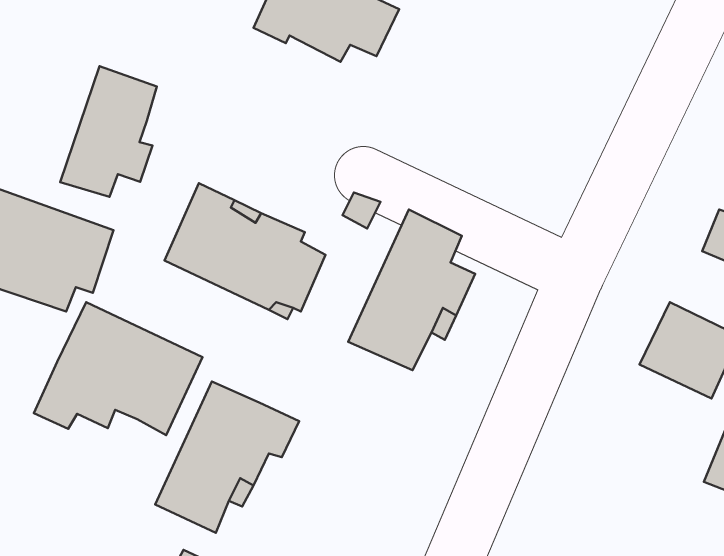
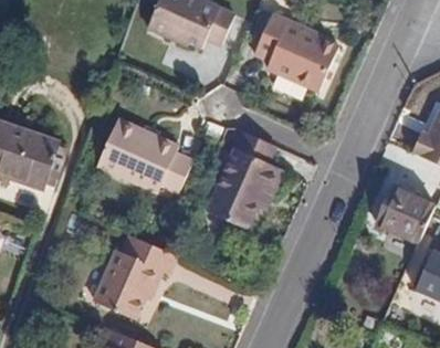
building: none -> [255,14,337,92]
building: [60,66,157,197] -> none
building: [34,302,202,435] -> none

